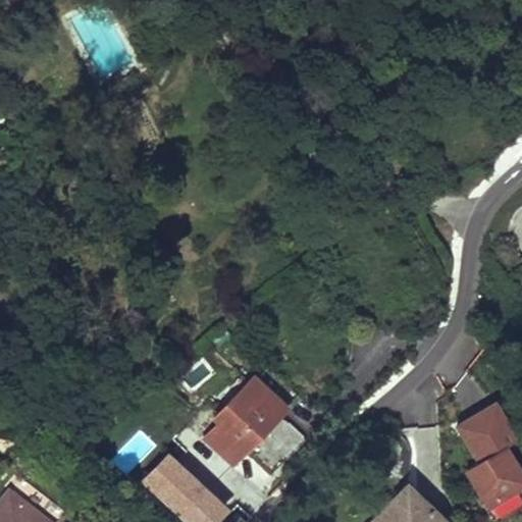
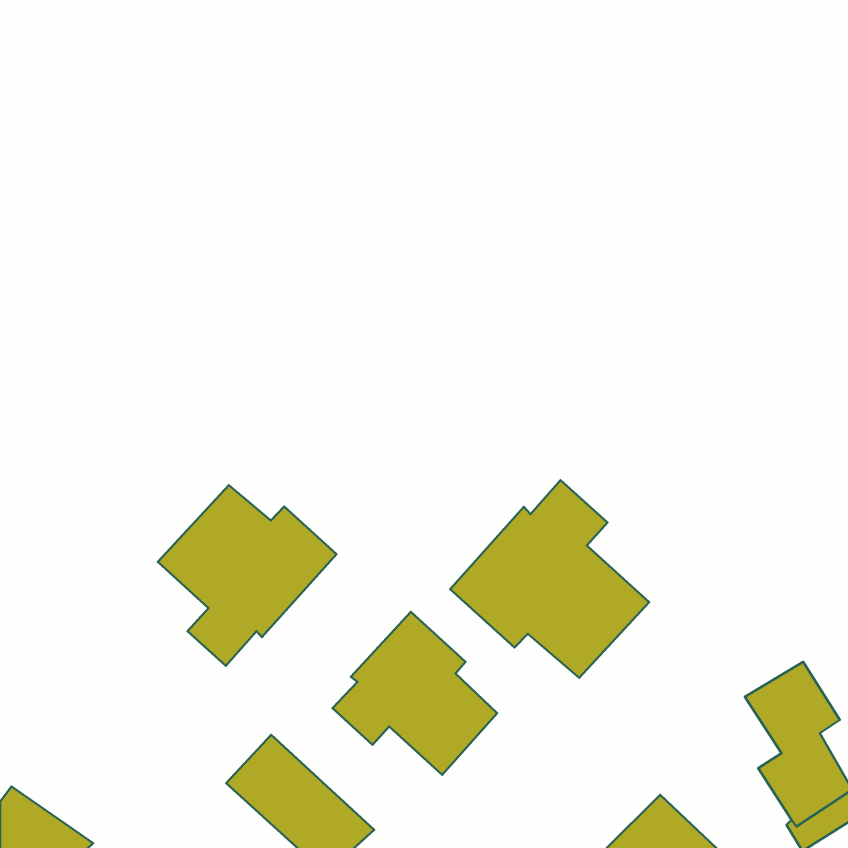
building: none -> [450,480,649,678]
building: none -> [158,485,336,666]

